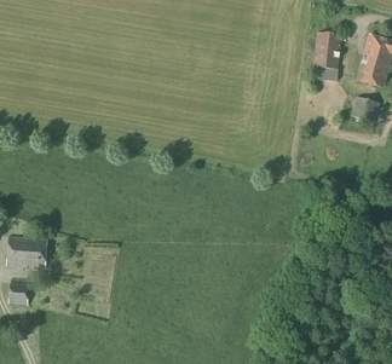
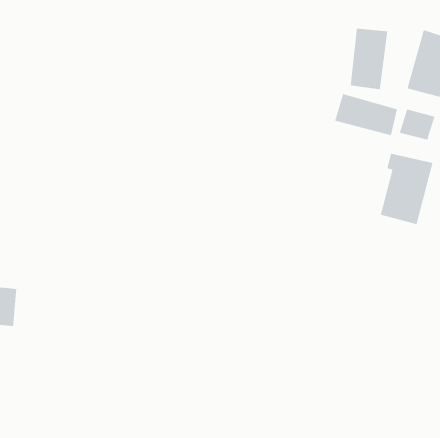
building: none -> [334,93,398,136]
building: none -> [380,153,434,225]

